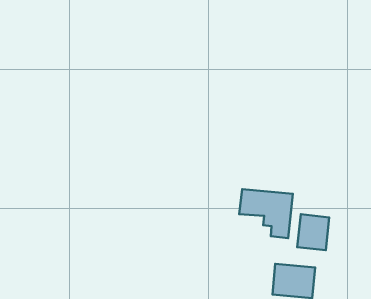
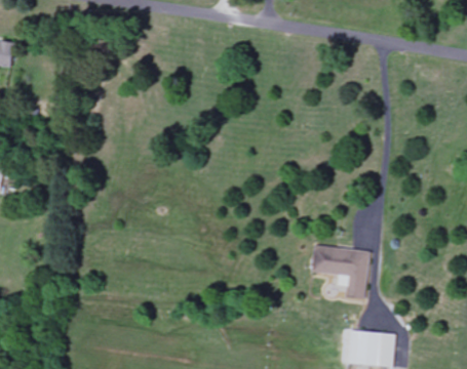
building: [297,214,329,250] -> none

